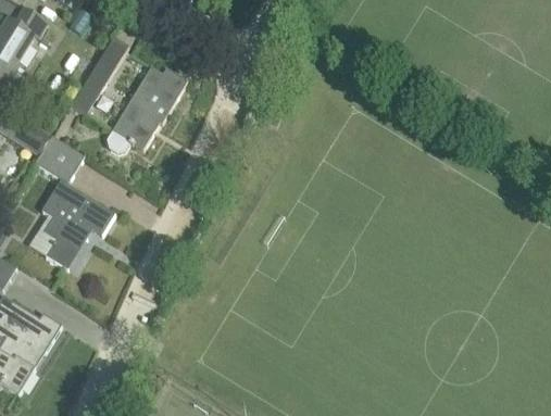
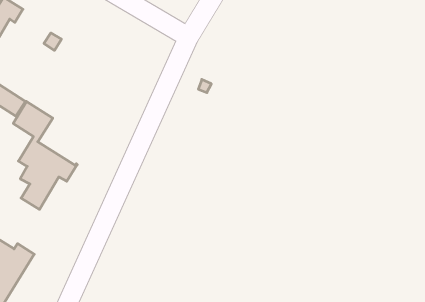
building: [71,36,128,115] -> none
building: [103,66,187,152] -> none

